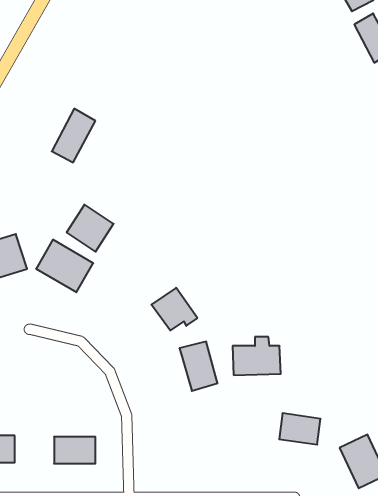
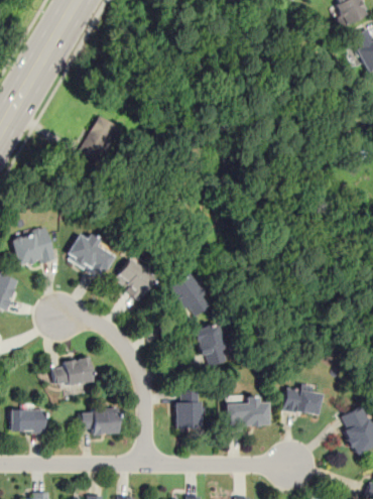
building: [67,205,114,252] -> [114,258,156,300]
building: [233,337,281,375] -> [226,395,269,429]
building: none -> [53,357,92,385]
building: none -> [175,389,201,428]

